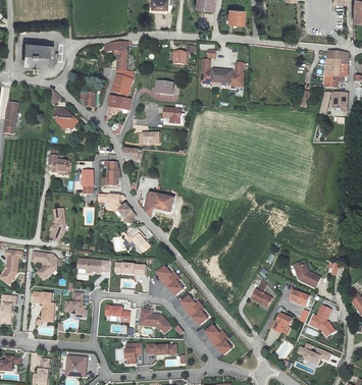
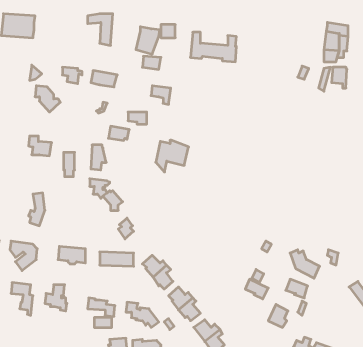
building: [111,68,134,94] -> [136,27,160,54]
building: [144,193,174,222] -> [156,140,189,172]
building: [309,305,335,338] -> none

